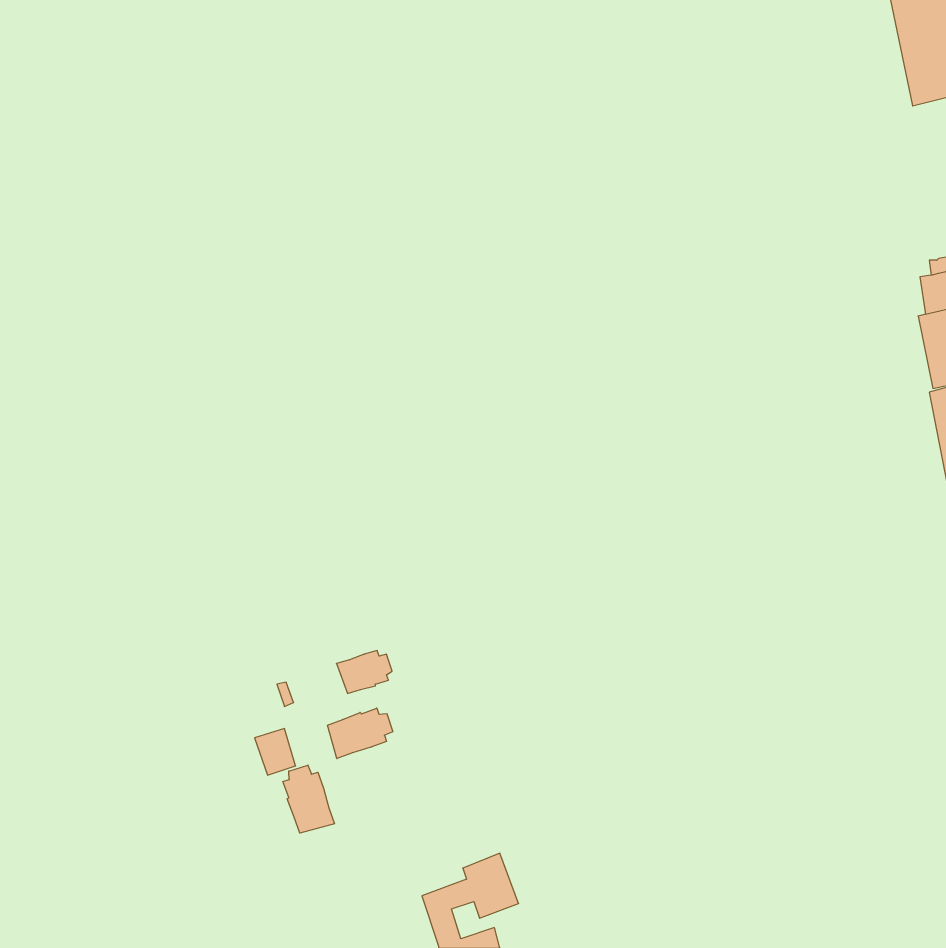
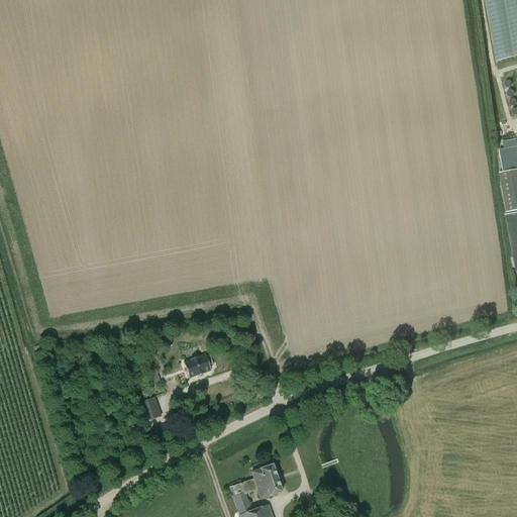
building: [327,708,393,759] -> none
building: [283,765,335,833] -> none

